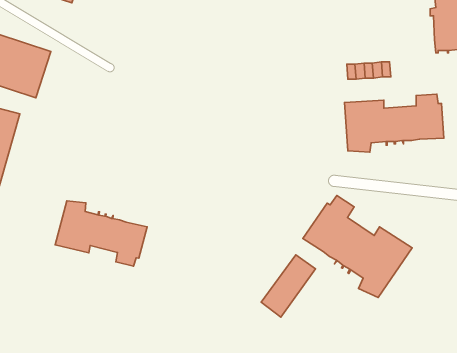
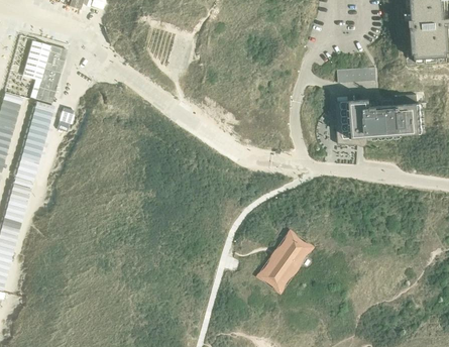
building: [303,196,412,298] -> none
building: [55,201,147,266] -> none

